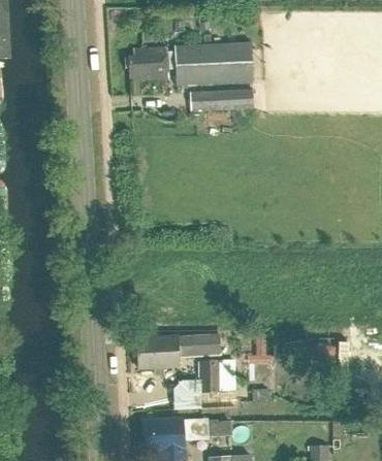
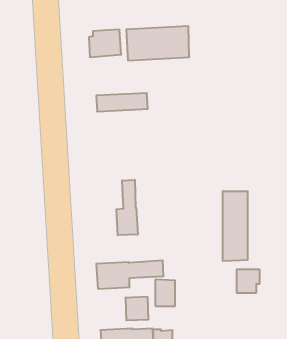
building: [190,89,254,111] -> [96,93,148,111]
building: none -> [116,180,138,235]
building: none -> [223,191,248,261]

